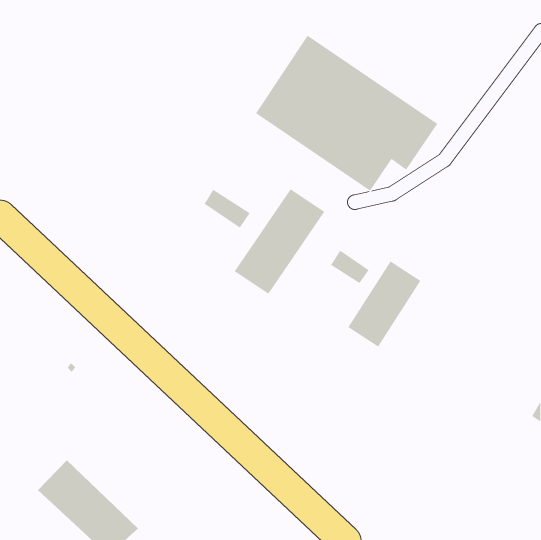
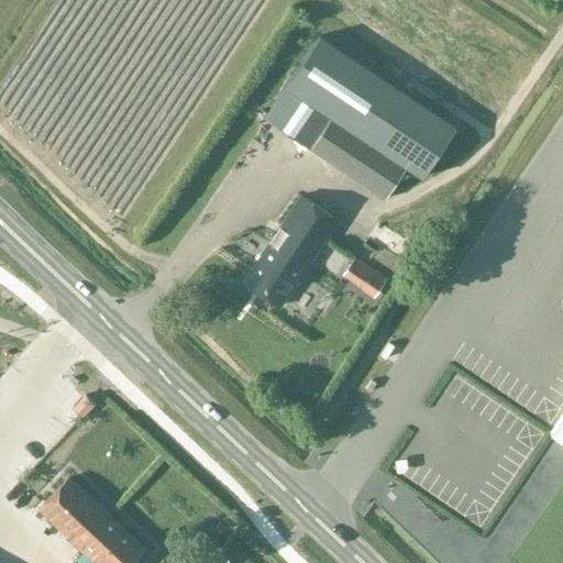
building: [204,189,250,229] -> none
building: [348,260,421,347] -> none

